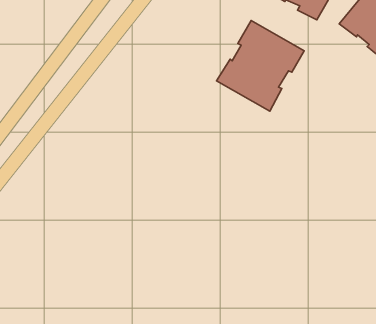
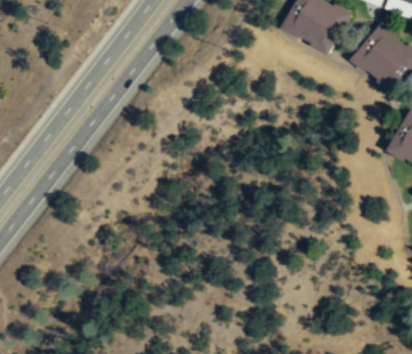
building: [217,21,304,111] -> none

